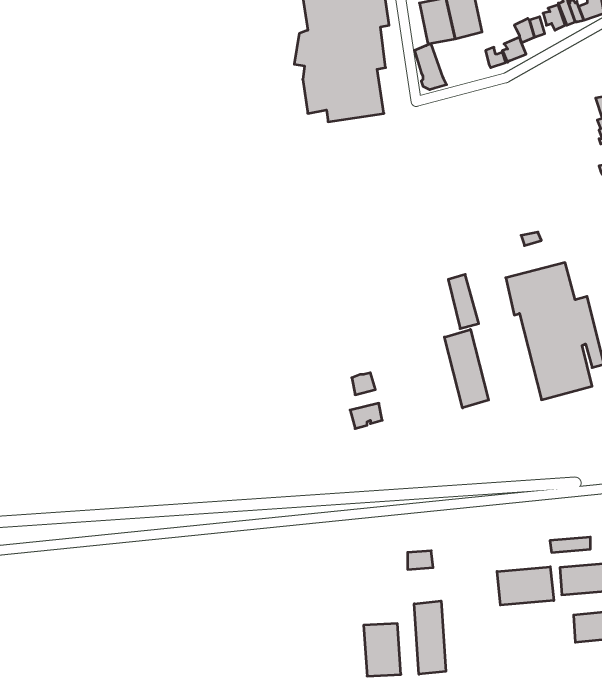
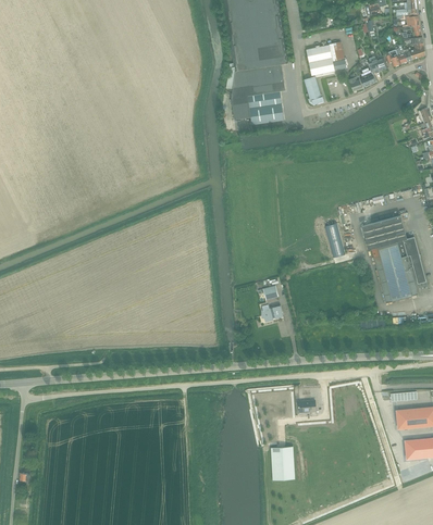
building: [444,329,489,408] -> none
building: [497,567,554,605] -> none
building: [414,601,446,674] -> none

